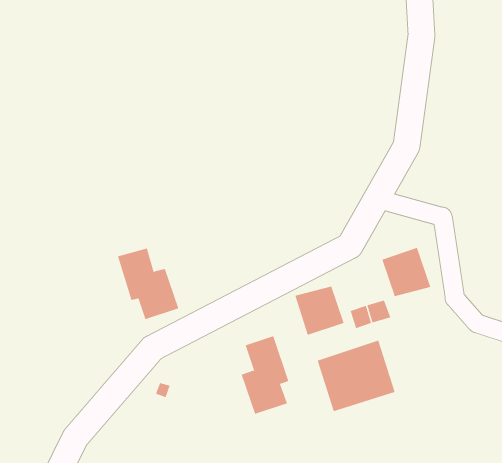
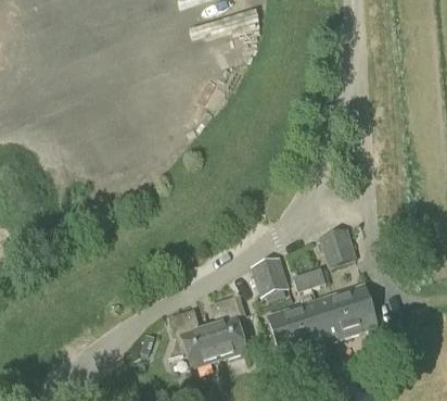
building: [117,248,179,320] -> [170,310,219,366]
building: none -> [317,284,378,340]

